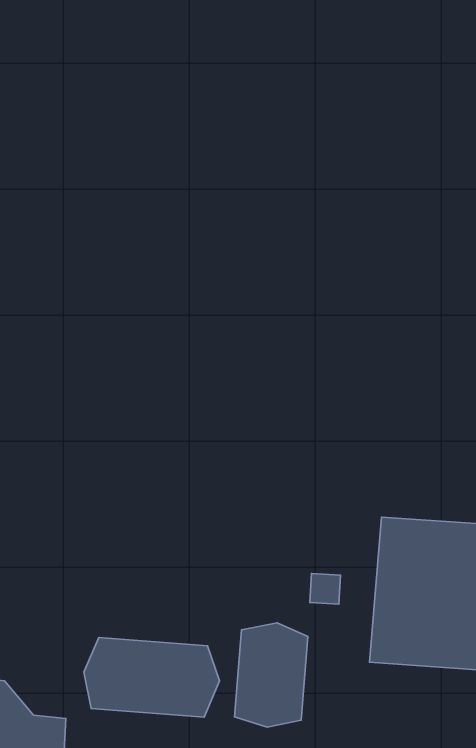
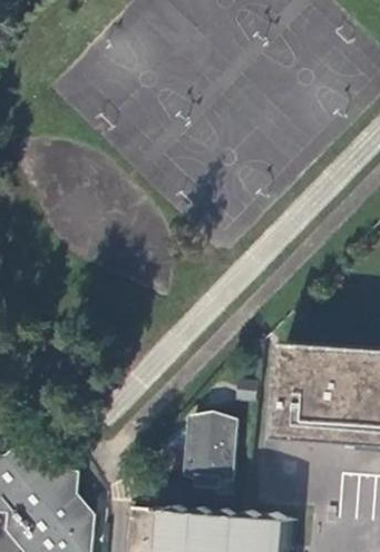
building: [84,638,219,717] -> none

